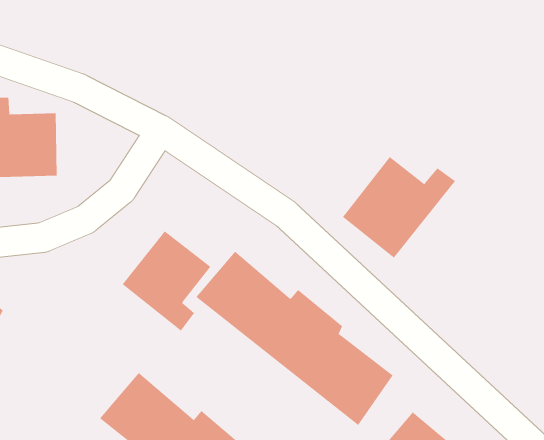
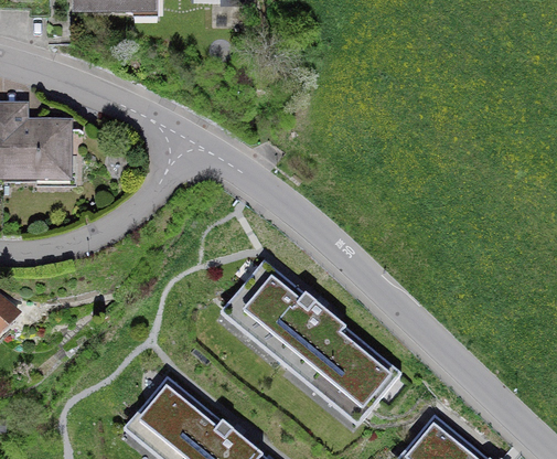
building: [342,156,456,259] -> none
building: [122,231,211,331] -> none

